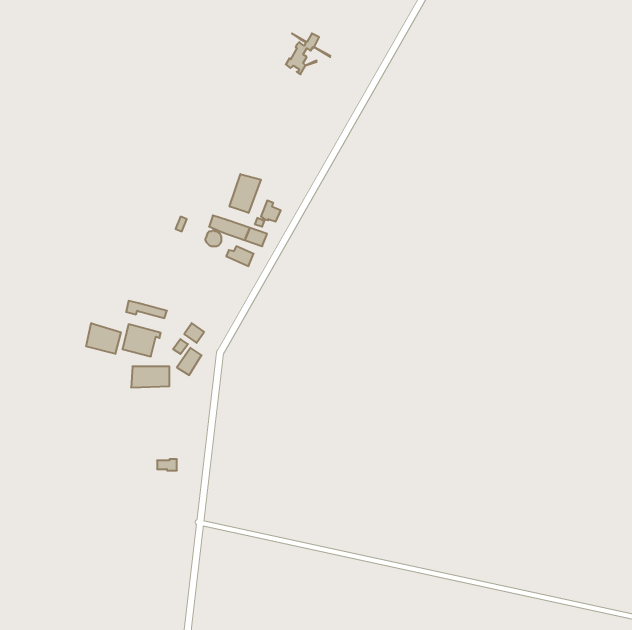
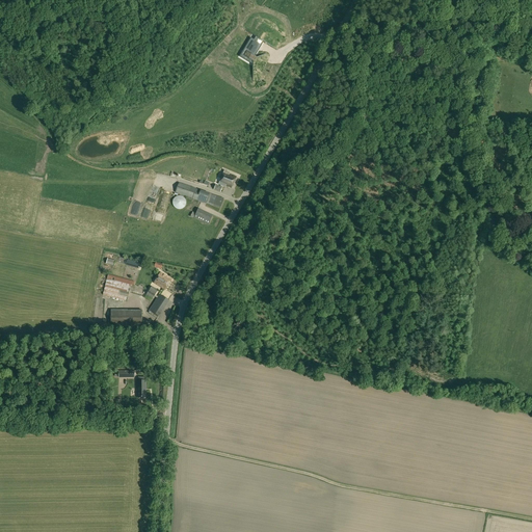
building: [230,174,261,213] -> none
building: [86,323,121,354] -> none

